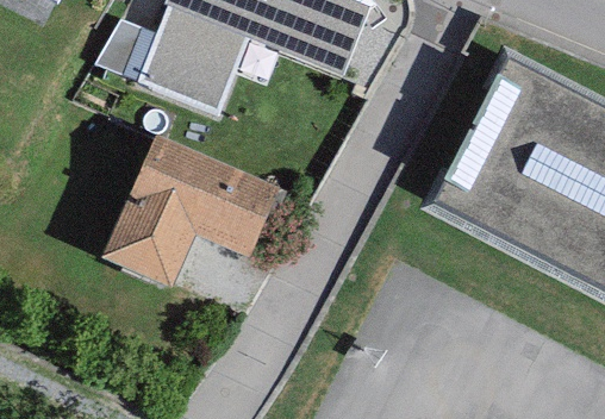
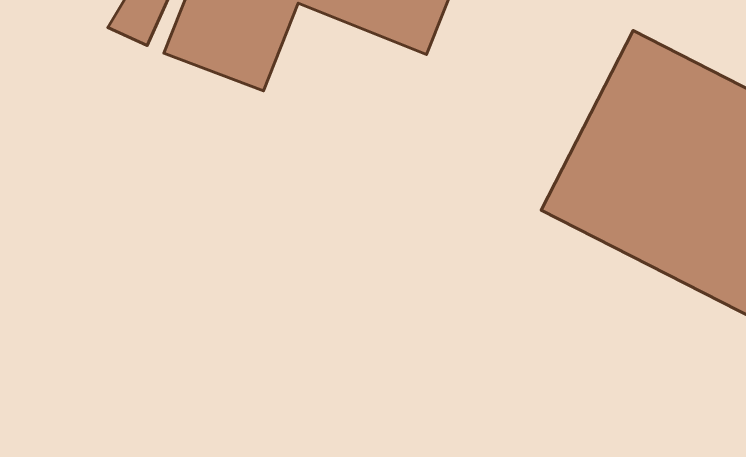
building: [99,135,279,288] -> none

